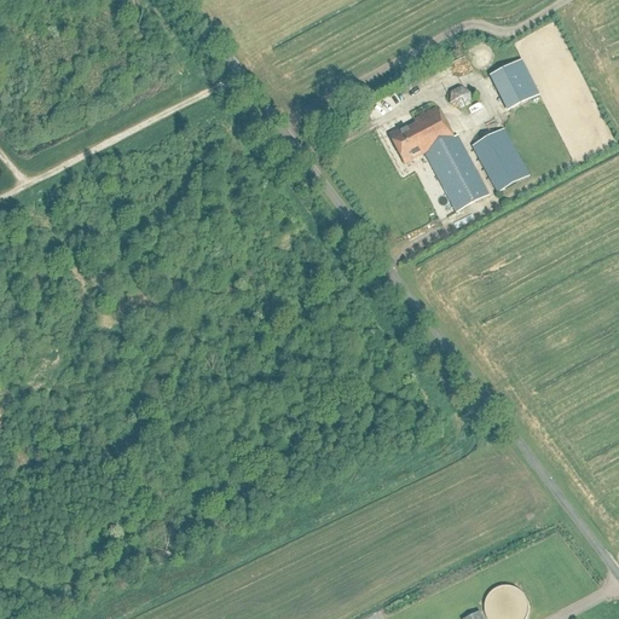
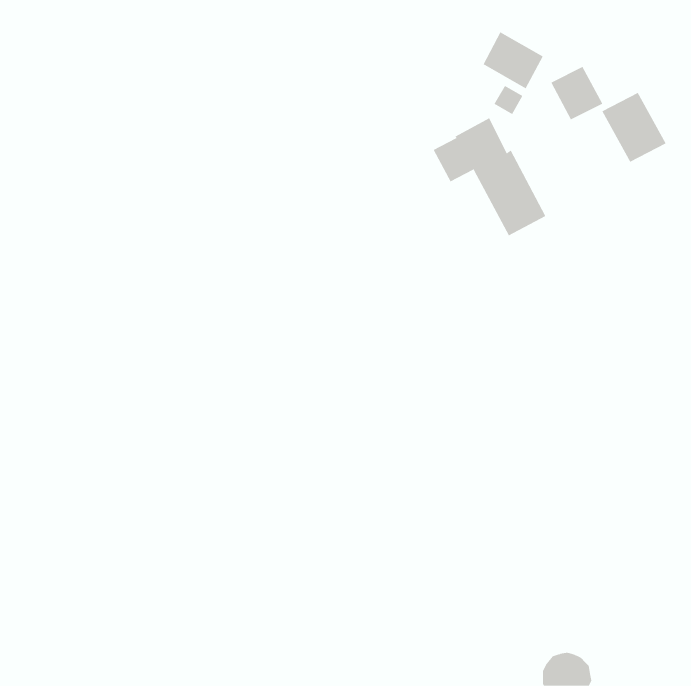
building: none -> [483,32,543,89]
building: [472,128,530,191] -> [602,92,666,162]

